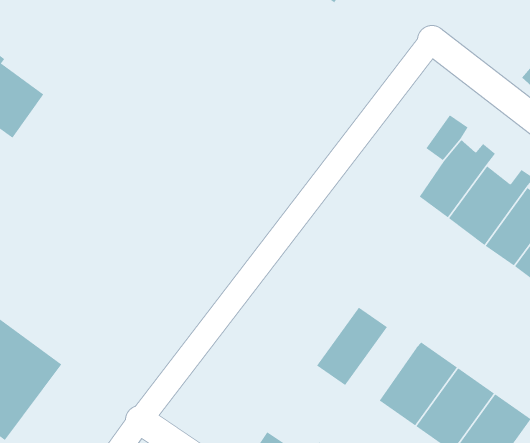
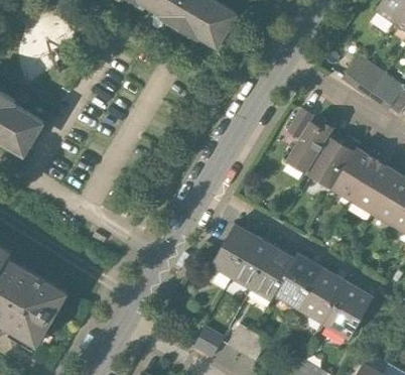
building: none -> [212,227,255,278]
building: none -> [252,249,294,301]

